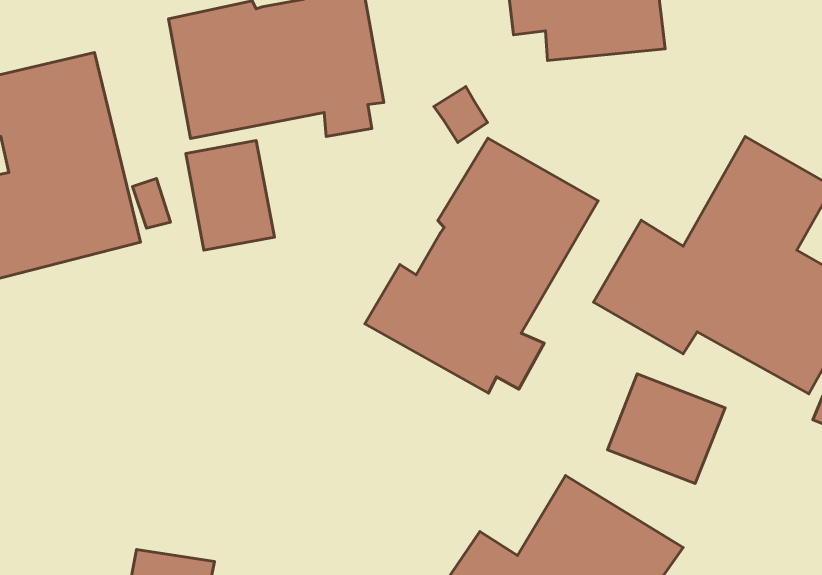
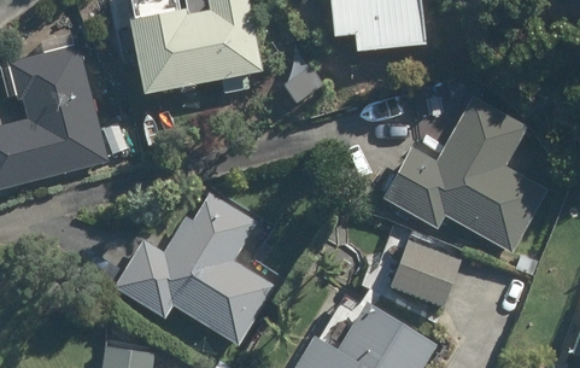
building: [365,138,598,393] -> none
building: [186,141,274,250] -> none
building: none -> [115,192,274,345]

